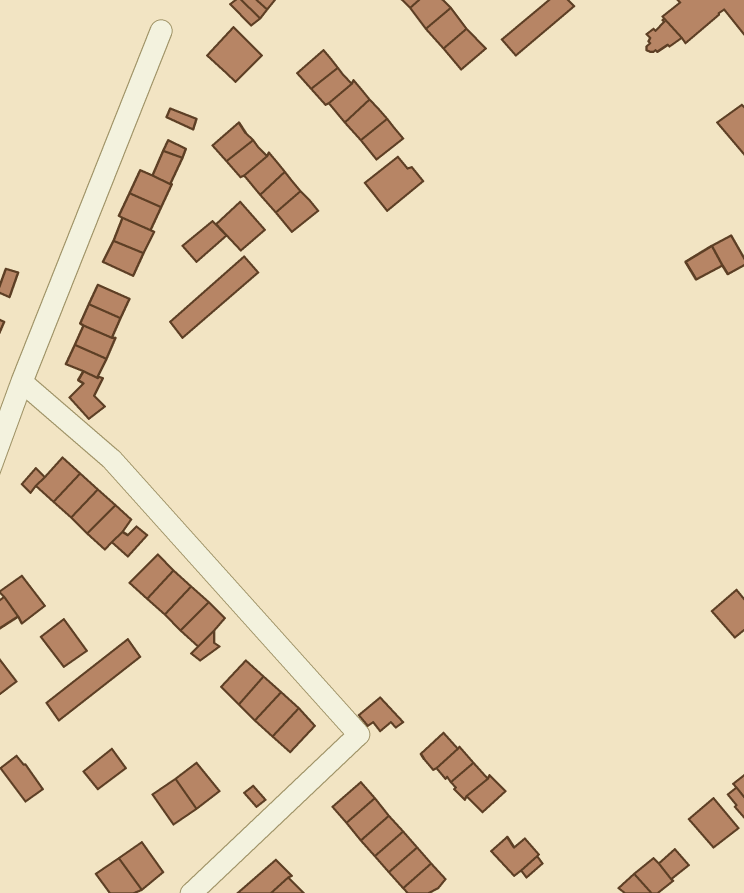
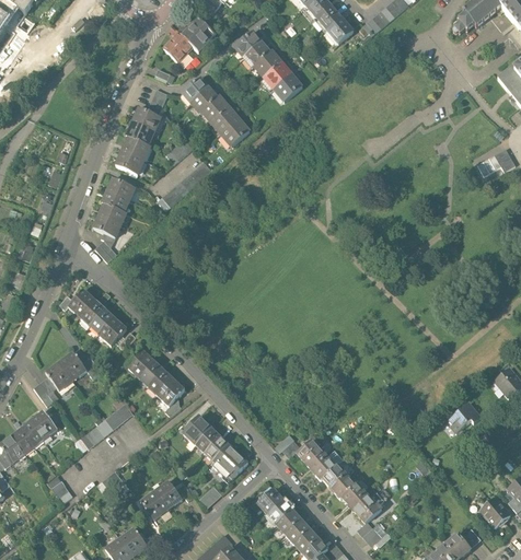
building: none -> [162,34,192,63]
building: [365,157,423,211] -> none
building: [216,202,265,251] -> none
building: [41,619,87,667] -> [65,349,93,378]
building: none -> [447,404,479,433]
building: none -> [297,440,326,470]
building: none -> [350,492,383,523]

